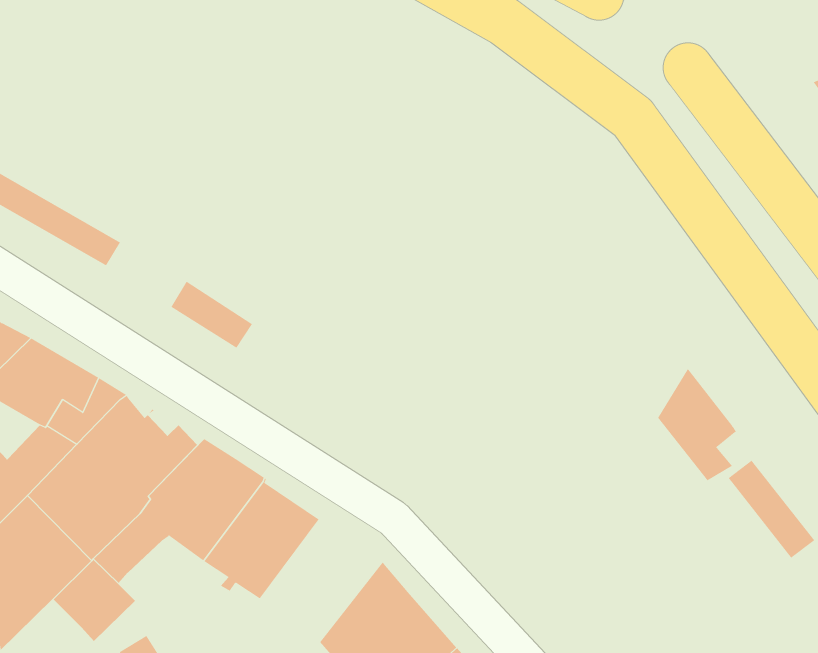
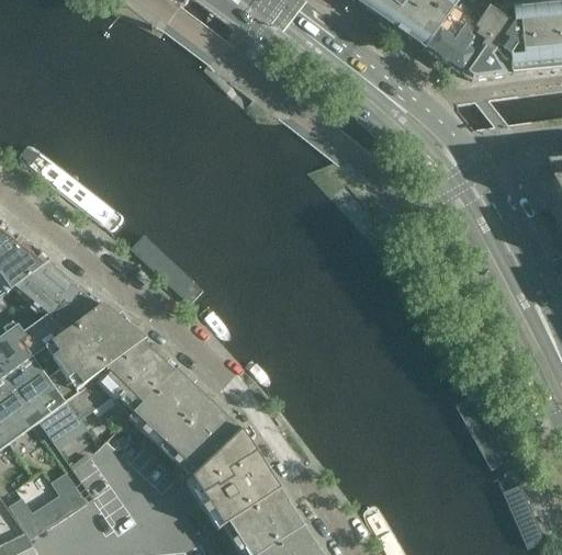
building: [658,368,736,481] -> none
building: none -> [164,398,241,473]

